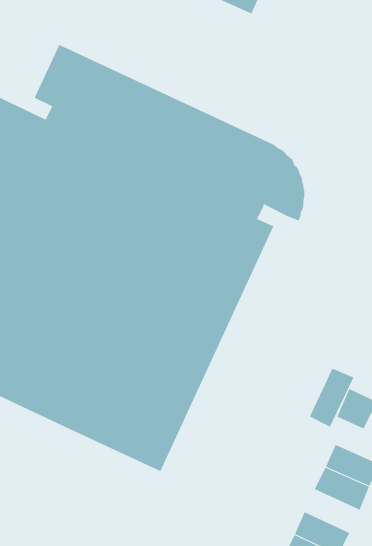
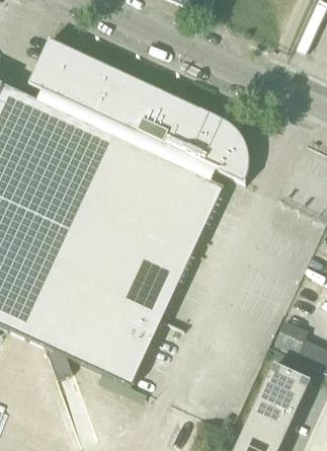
building: [309,368,354,427] -> none
building: none -> [249,398,295,434]

